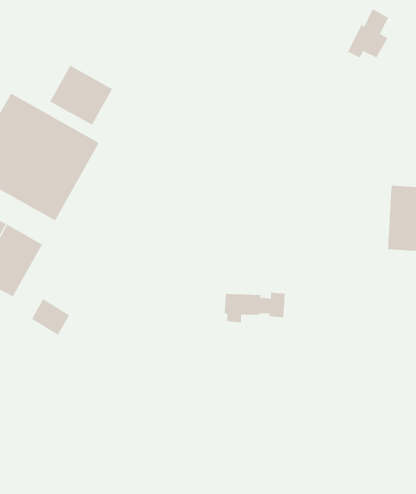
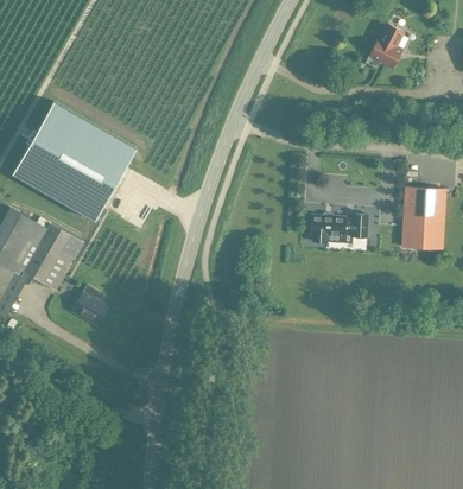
building: [50,65,113,126] -> none
building: [224,292,286,323] -> [310,215,367,243]

